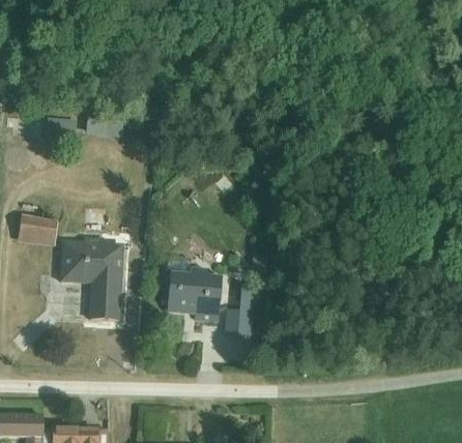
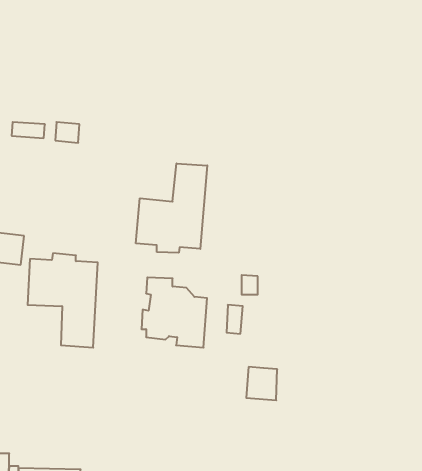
building: none -> [136,163,207,253]
building: [225,305,253,335] -> [246,367,277,400]

